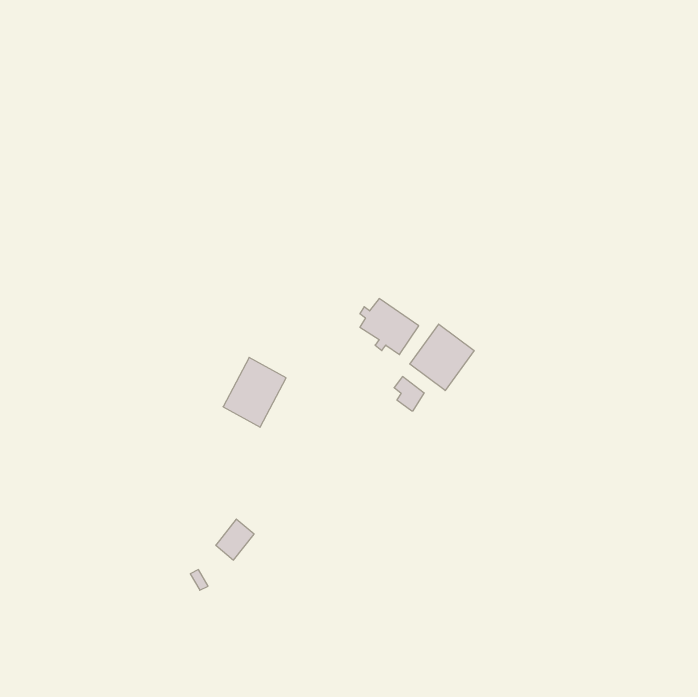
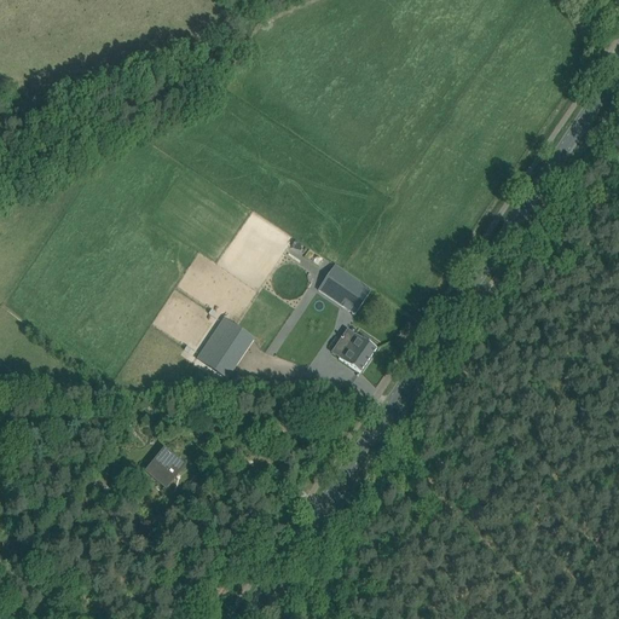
building: [410,324,474,391] -> none
building: [216,519,254,560] -> [150,451,184,487]

